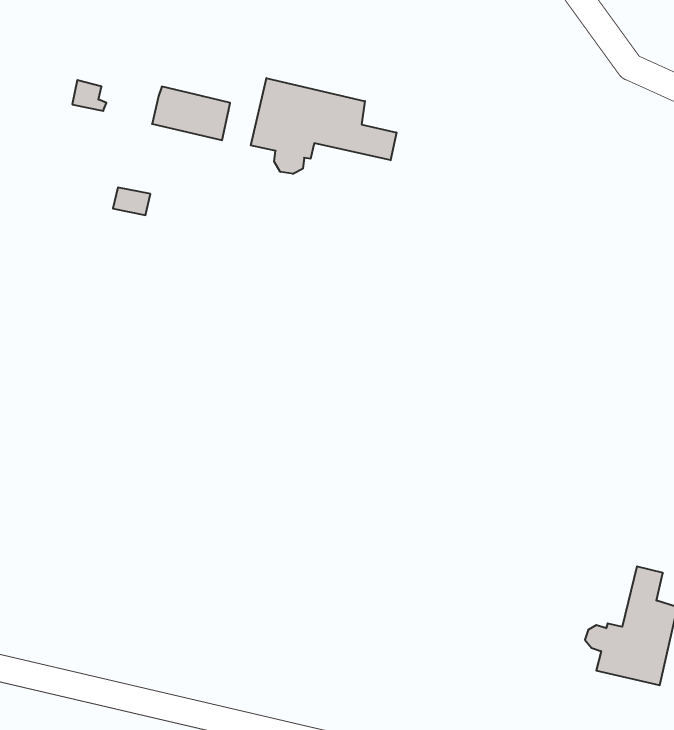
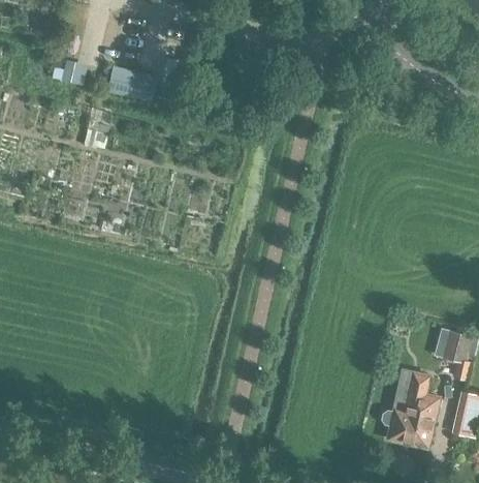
building: [251,78,396,174] -> none

